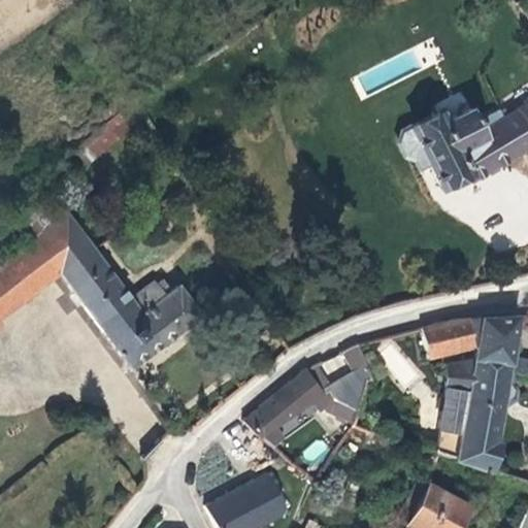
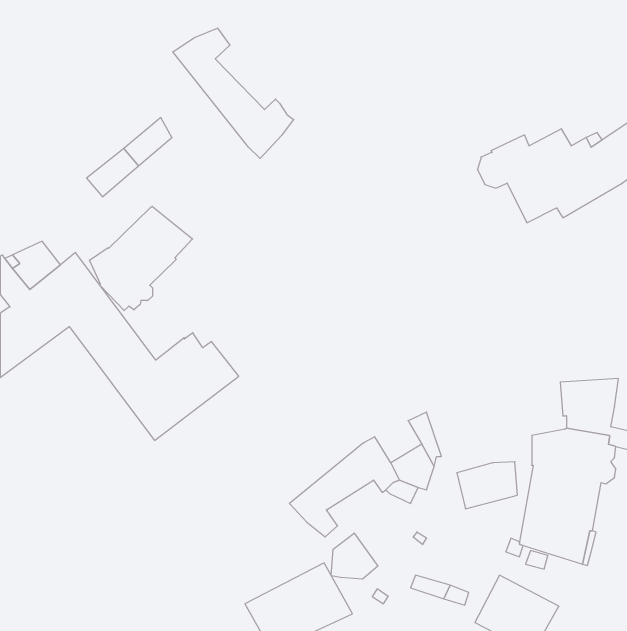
building: none -> [173,28,294,158]
building: none -> [89,206,193,311]
building: [423,320,473,359] -> [457,462,517,509]
building: none -> [331,533,378,579]

